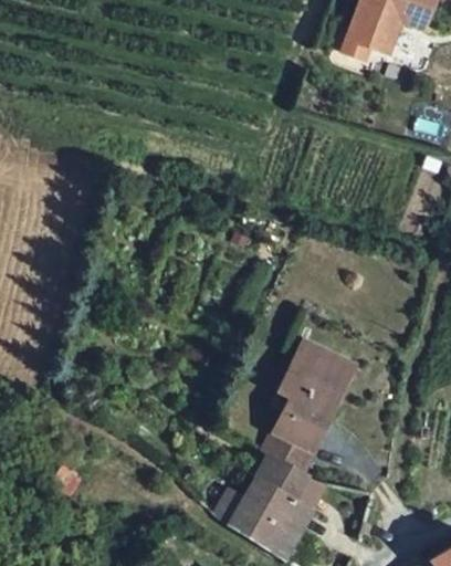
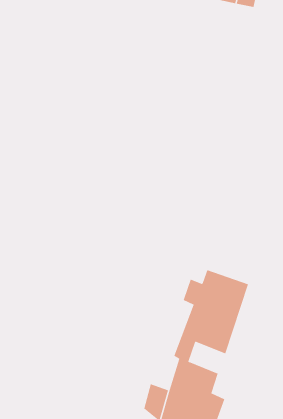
building: [285,336,359,378] -> none
building: [274,440,318,480] -> none

